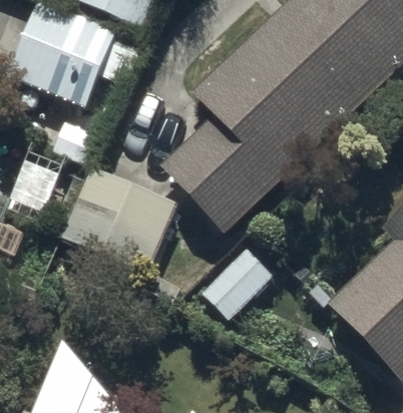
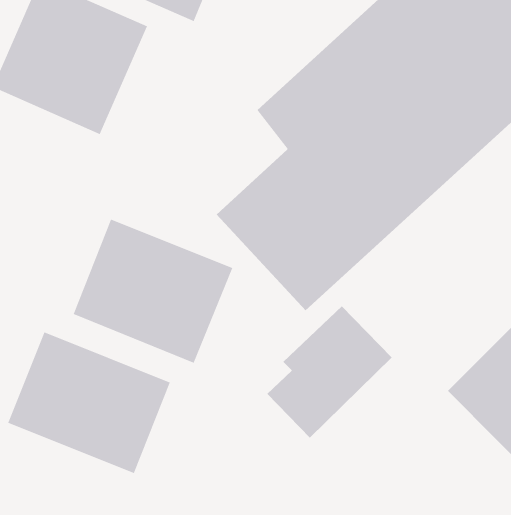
building: none -> [8,331,171,474]

